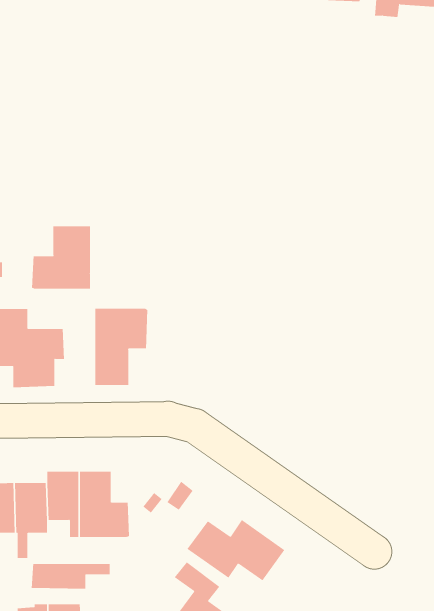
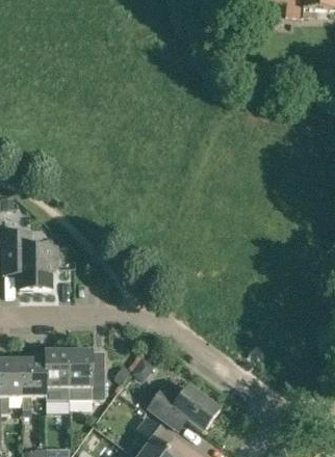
building: [32,226,90,290] -> none
building: [95,308,148,386] -> none
building: [31,563,110,590] -> none

